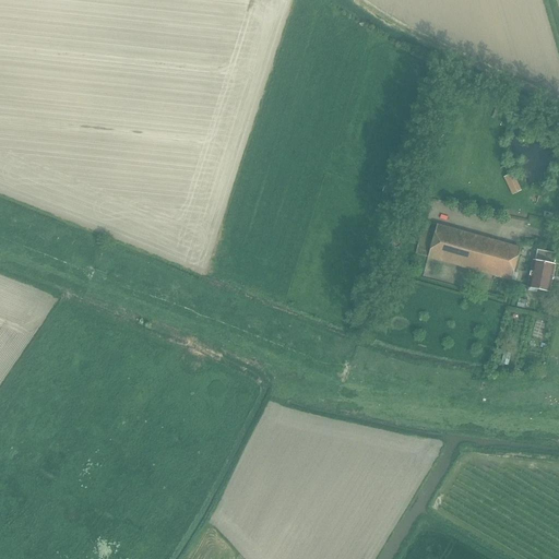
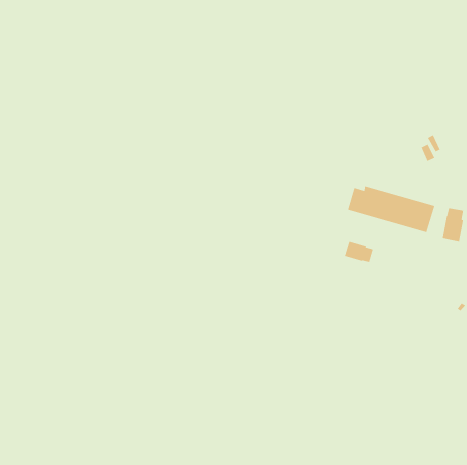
building: none -> [344,240,374,263]

